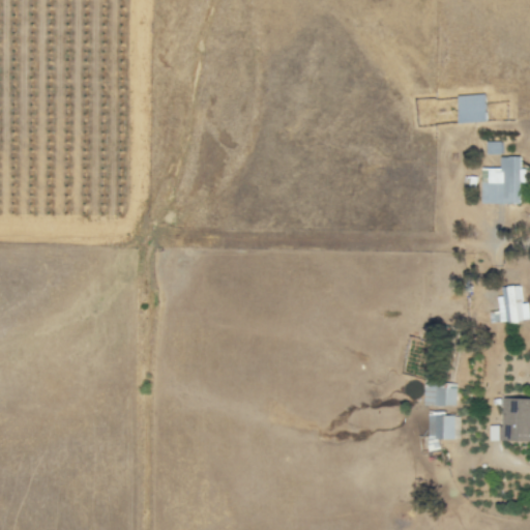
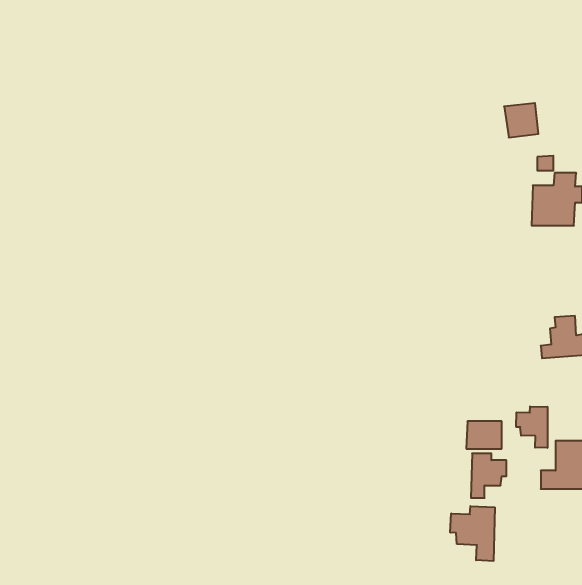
building: none -> [516,406,547,448]
building: none -> [450,506,495,561]

